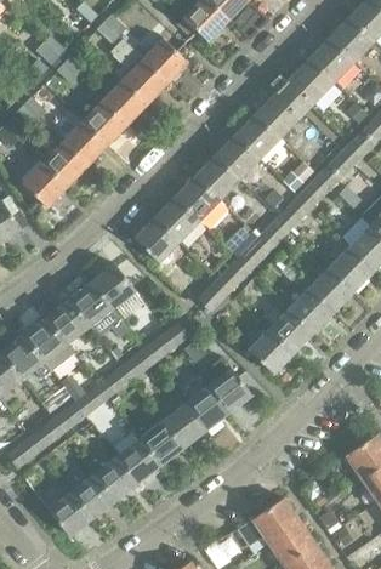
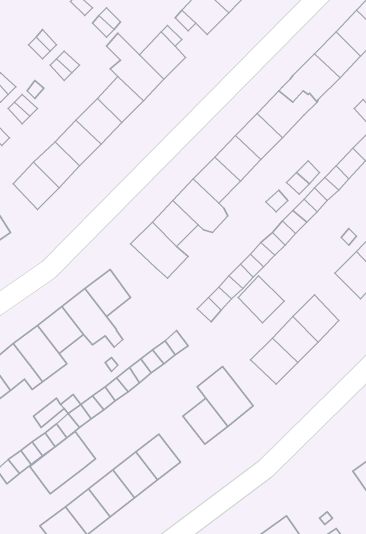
building: [309,267,353,312] -> [238,276,284,323]
building: [161,403,205,446] -> none
building: none -> [30,431,96,494]

